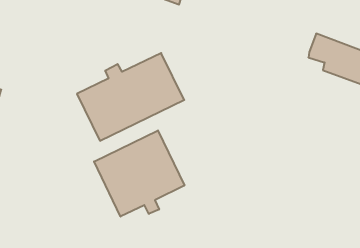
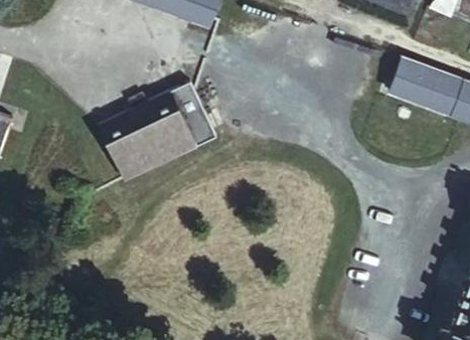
building: [94,130,184,217] -> none

